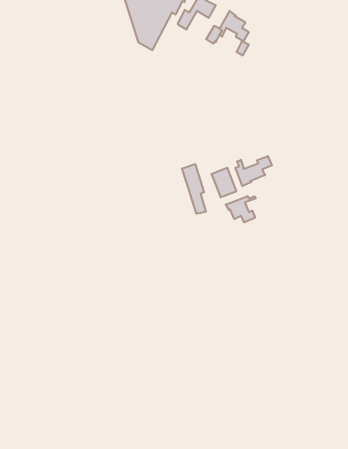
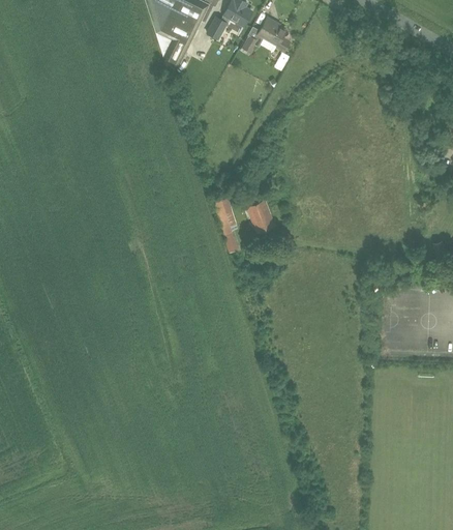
building: [235,156,272,186] -> none
building: [226,196,256,222] -> none

